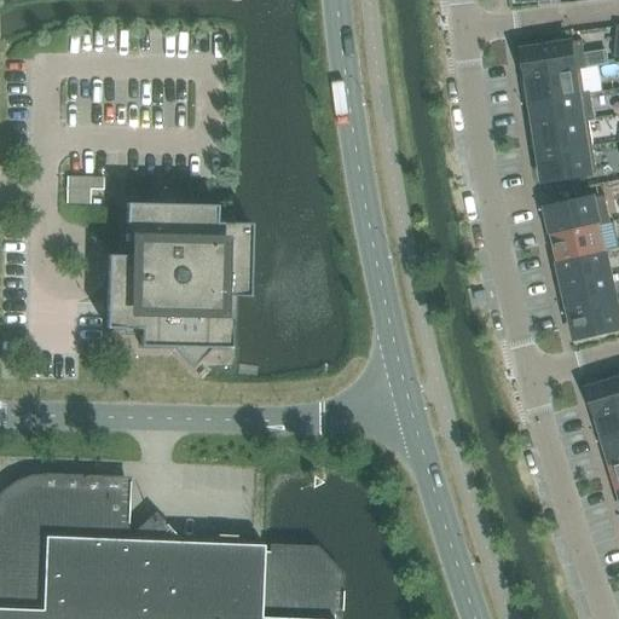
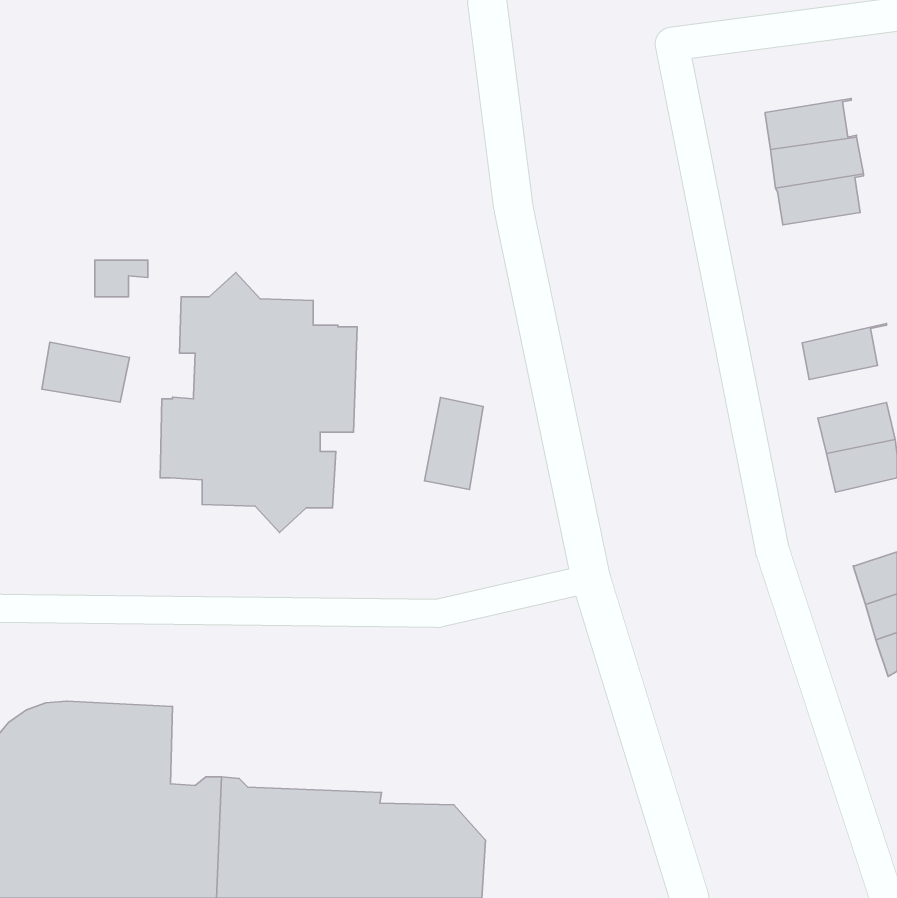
building: [521,41,585,77] -> none
building: [538,146,596,181] -> none
building: [545,196,609,236] -> none
building: none -> [42,342,130,402]
building: [556,251,609,288] -> none
building: none -> [425,398,483,490]

